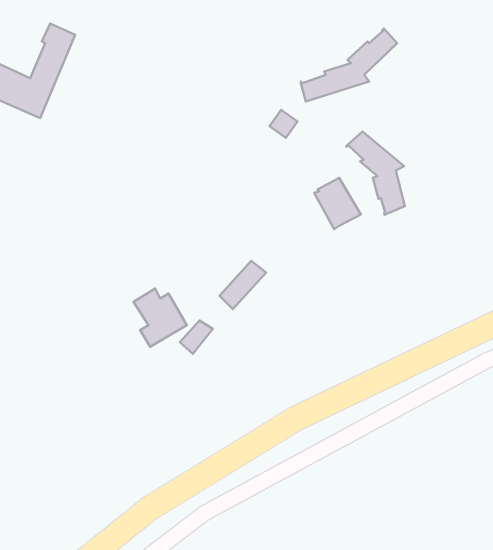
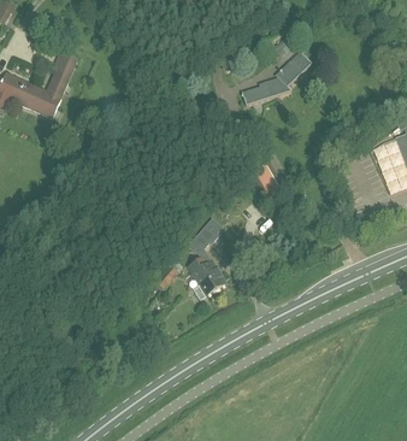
building: [346,132,405,215] -> none
building: [134,289,187,347] -> [187,255,225,298]

